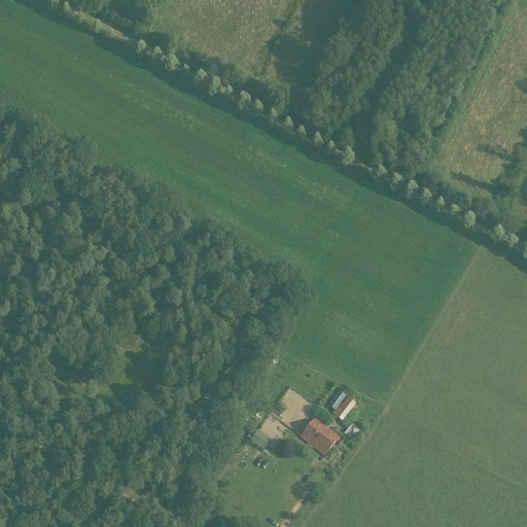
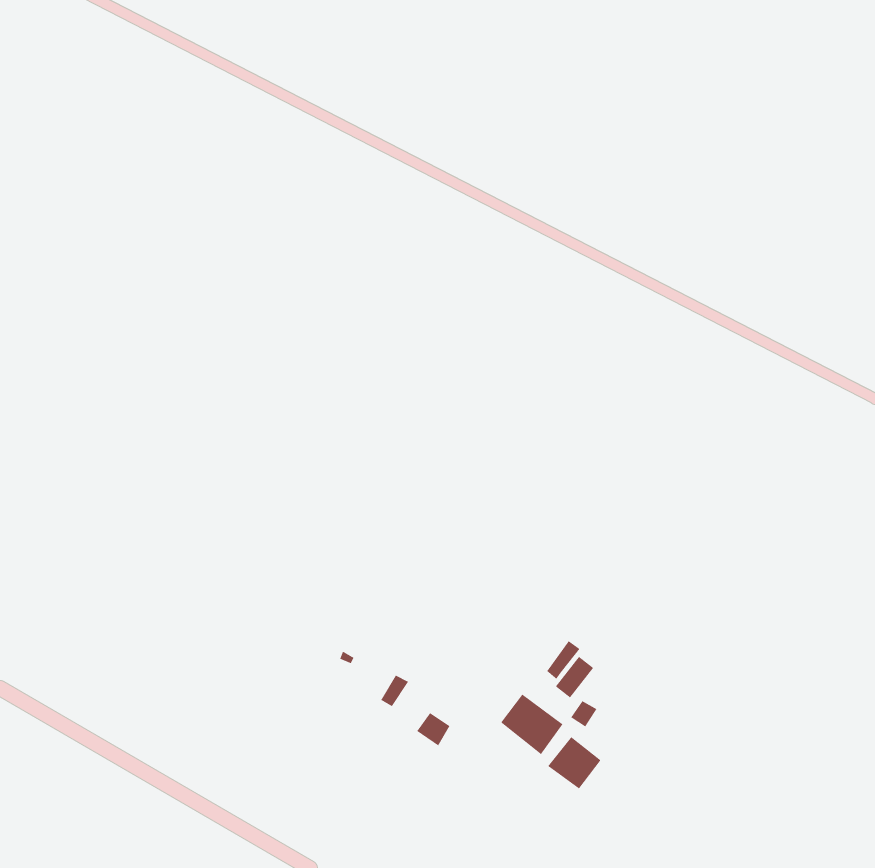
building: none -> [547,736,602,789]

